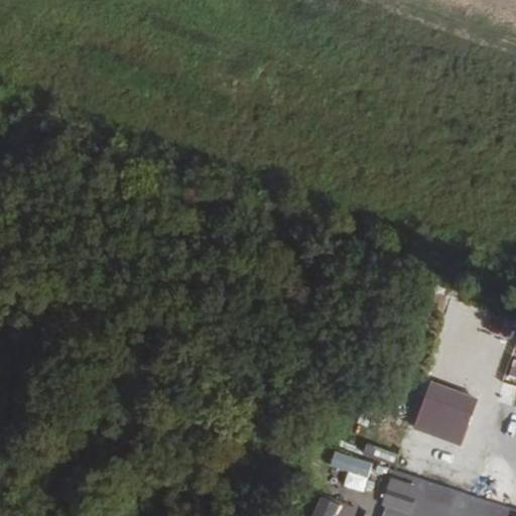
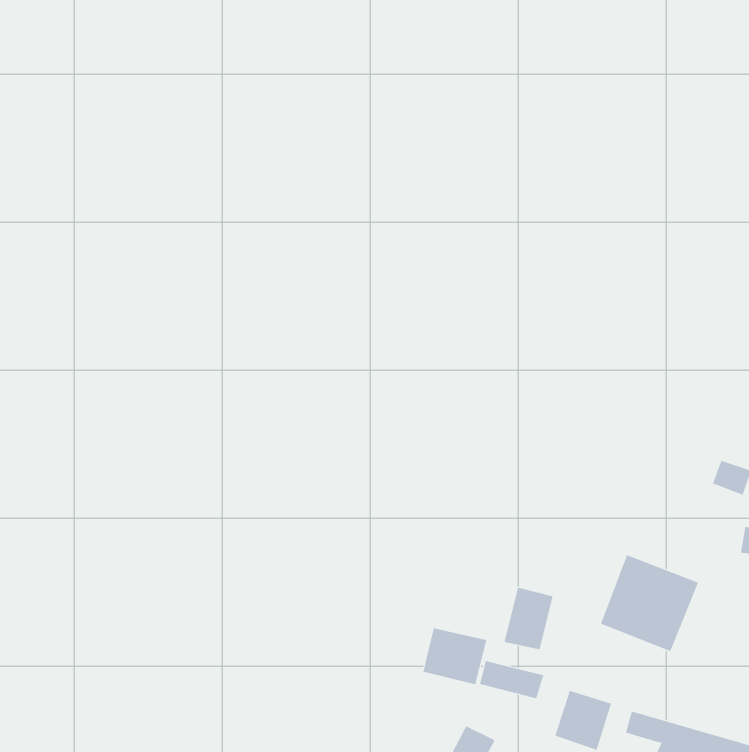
building: none -> [504,587,553,650]
building: none -> [423,627,487,685]

